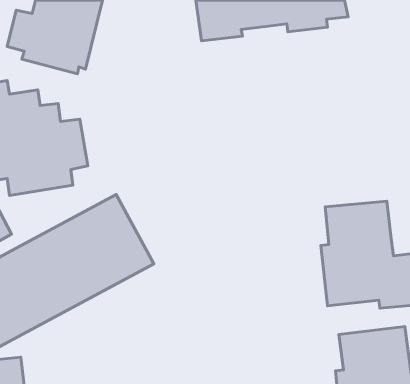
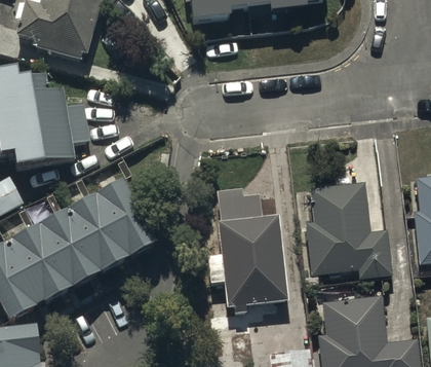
building: none -> [218,213,288,305]

